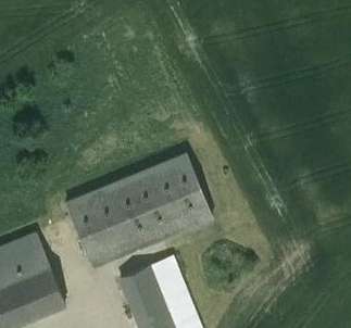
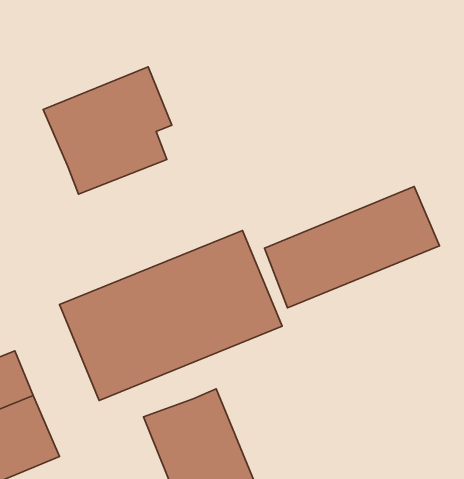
building: none -> [43,67,172,194]
building: none -> [265,186,440,308]

